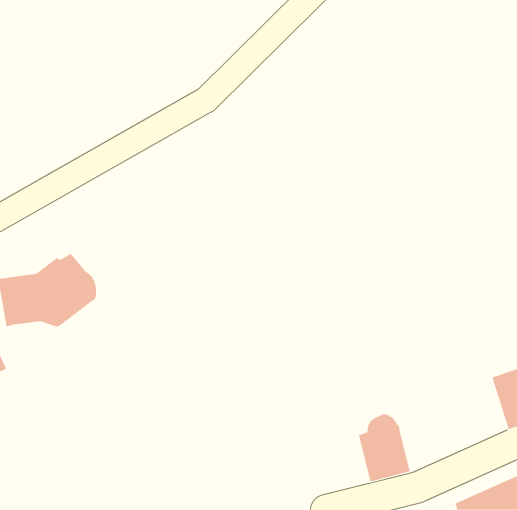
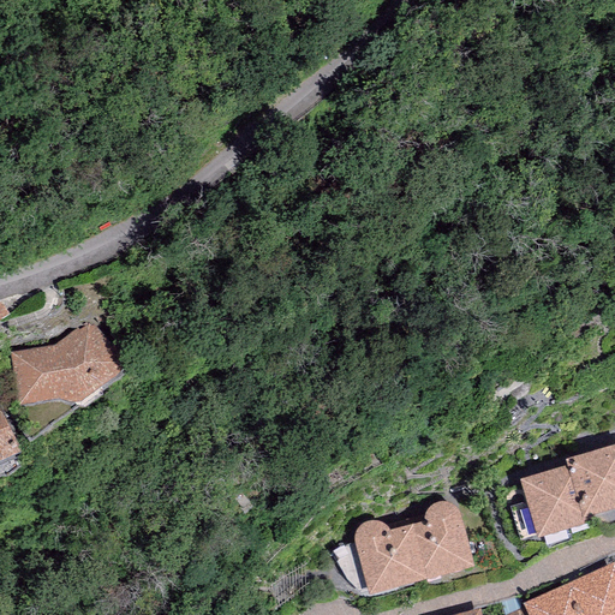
building: none -> [521,467,584,538]
building: none -> [354,521,428,597]

